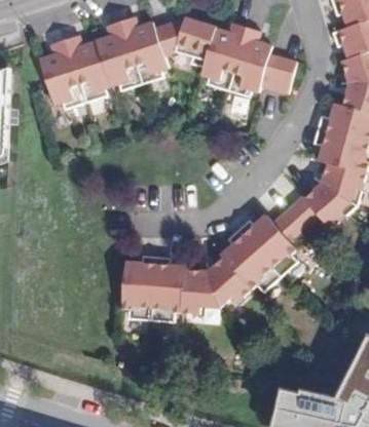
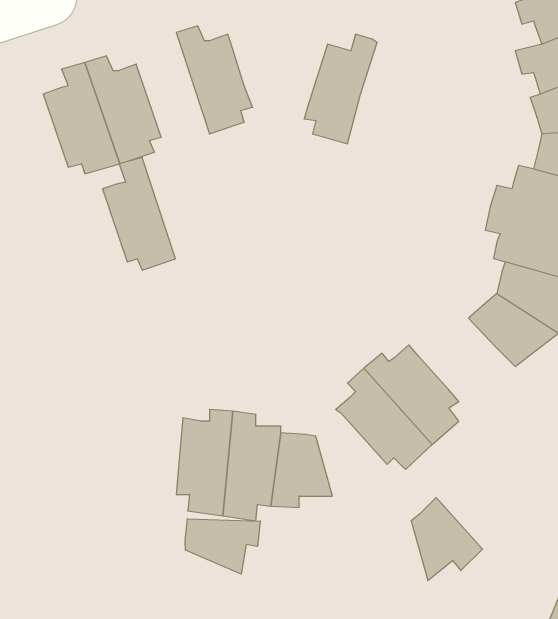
building: [155,18,216,68] -> none
building: [97,22,142,91] -> [102,157,176,270]
building: [227,28,296,98] -> none
building: [271,195,319,242] -> none
building: [208,257,252,308] -> [411,498,483,581]
building: none -> [185,519,260,574]

